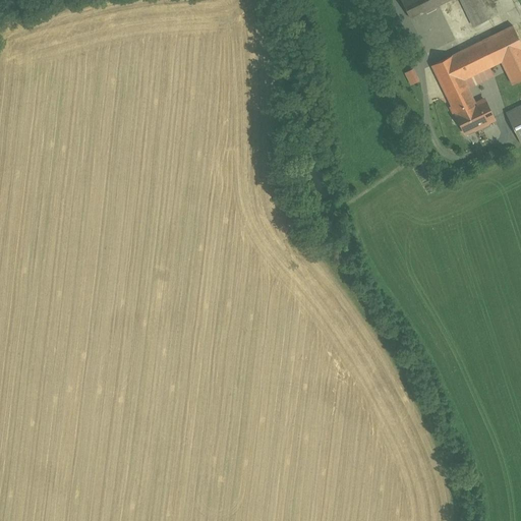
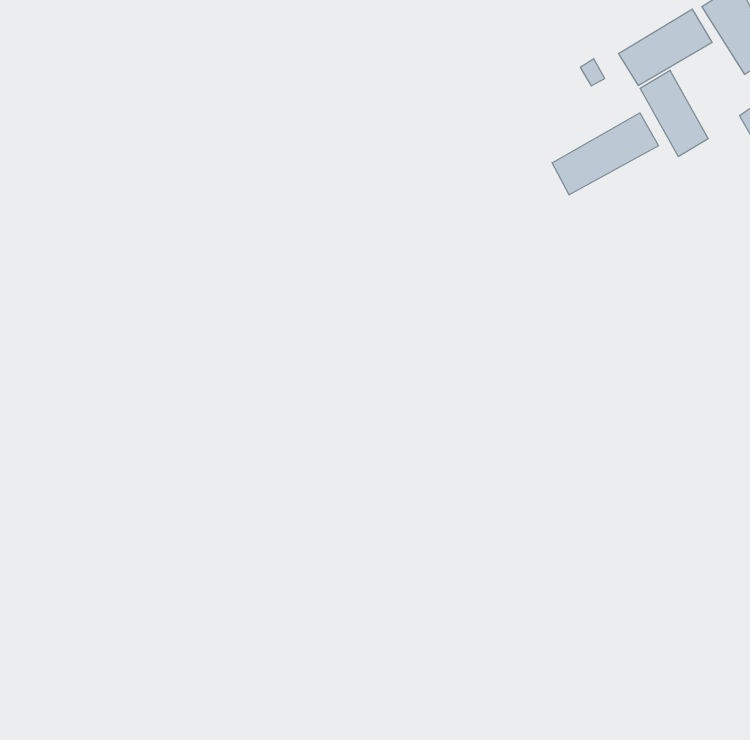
building: none -> [552,113,658,195]

